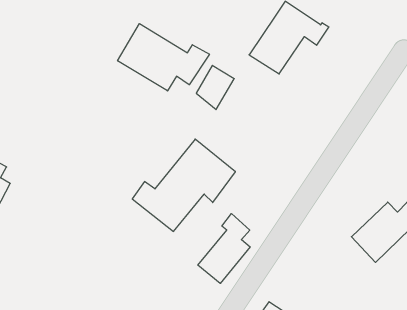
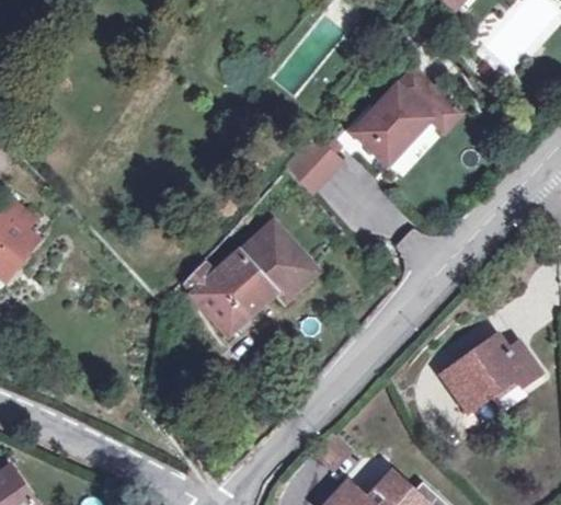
building: [118,24,209,91] -> none
building: [198,214,250,283] -> none

